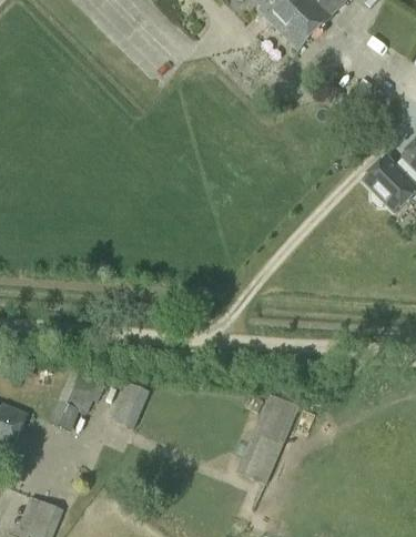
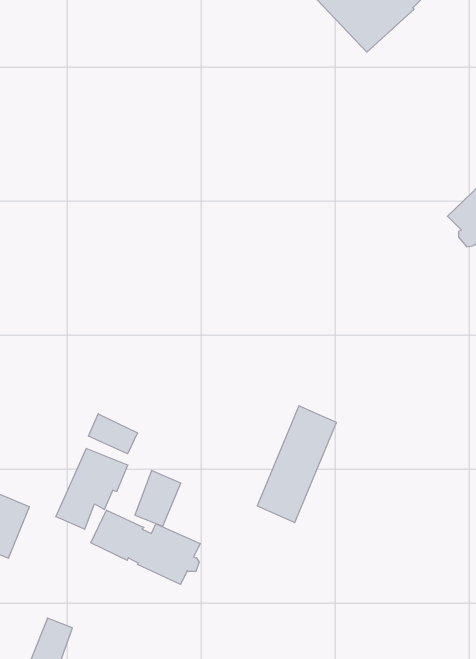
building: none -> [89,414,137,454]
building: [235,391,298,484] -> [257,406,336,523]
building: none -> [91,510,200,584]

